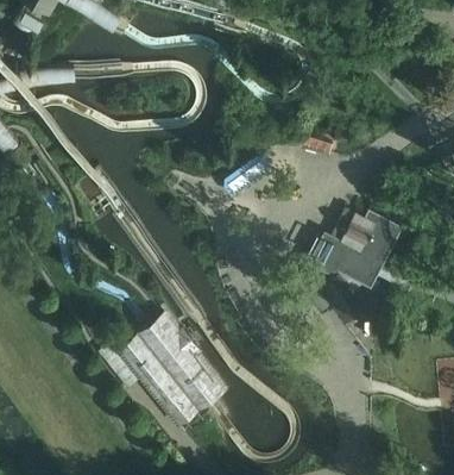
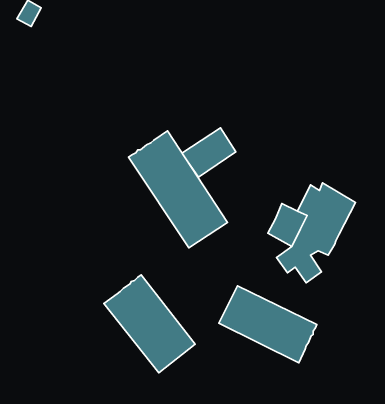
building: none -> [129,131,227,248]
building: none -> [219,286,317,363]

